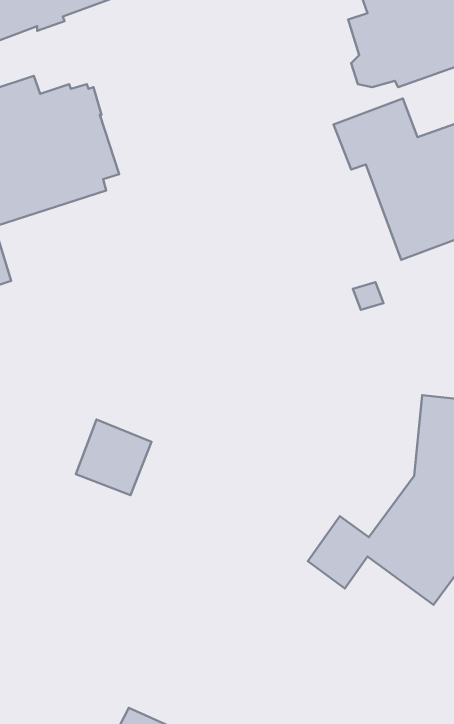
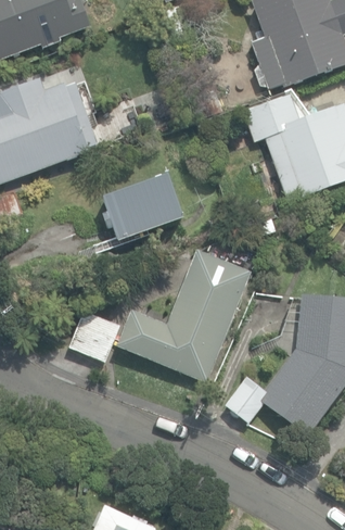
building: none -> [104,174,186,241]
building: none -> [118,250,253,382]

